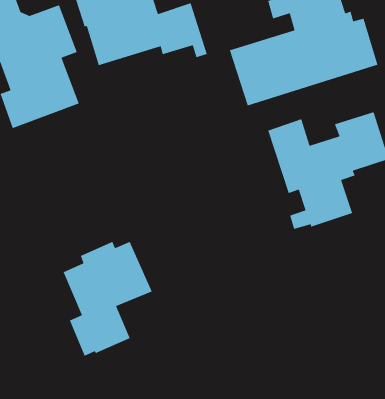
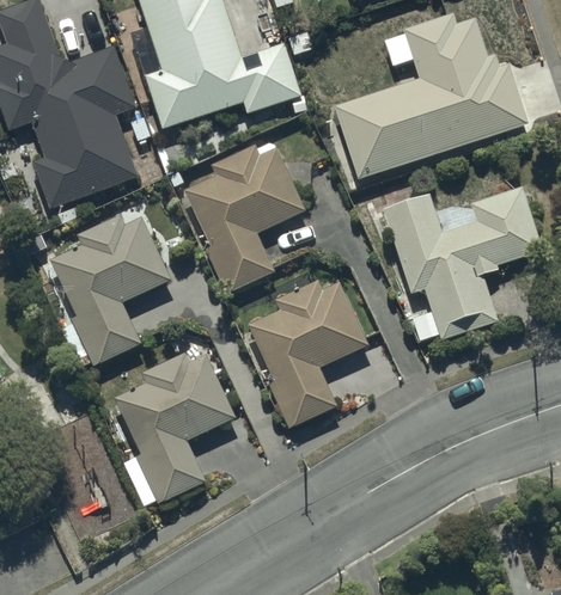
building: none -> [182,141,305,296]
building: none -> [49,216,170,364]
building: none -> [245,281,368,427]

